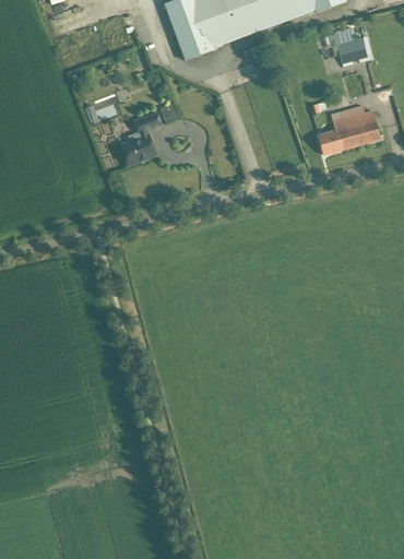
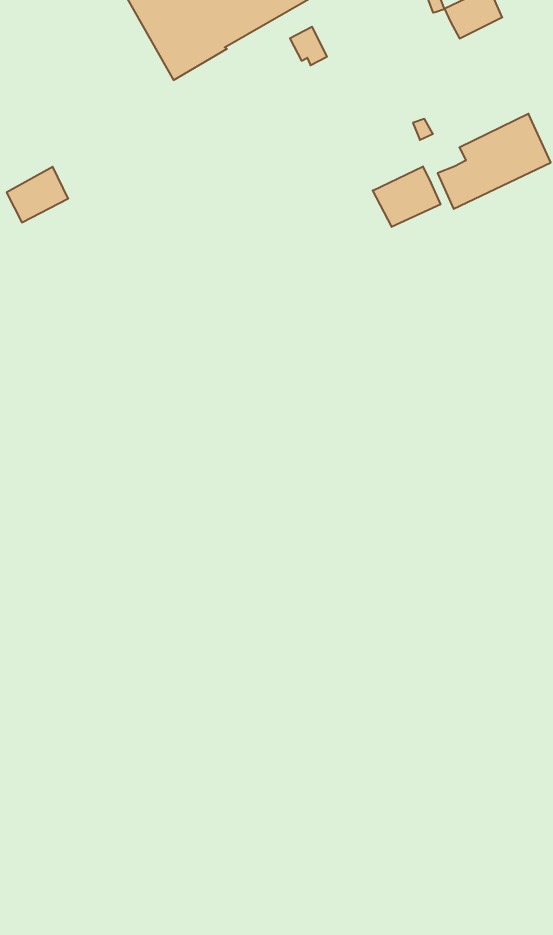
building: [122,111,162,165] -> none
building: none -> [373,166,440,227]

